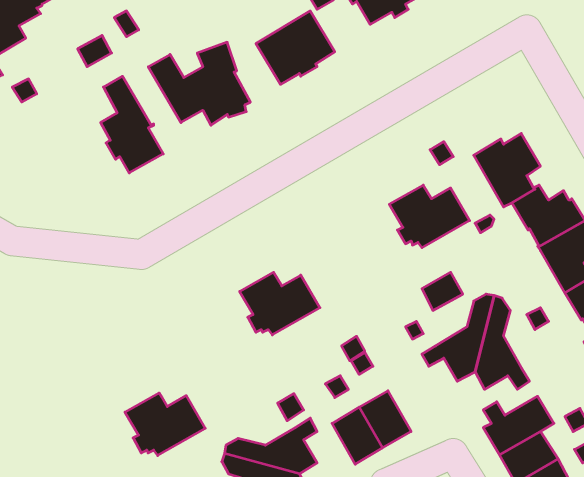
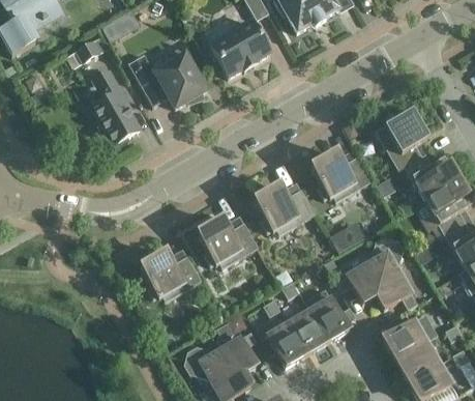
building: none -> [255,185,316,233]
building: none -> [305,288,355,340]
building: [125,393,205,456] -> [141,252,202,299]

